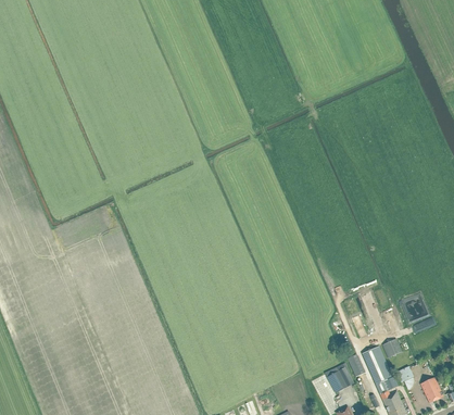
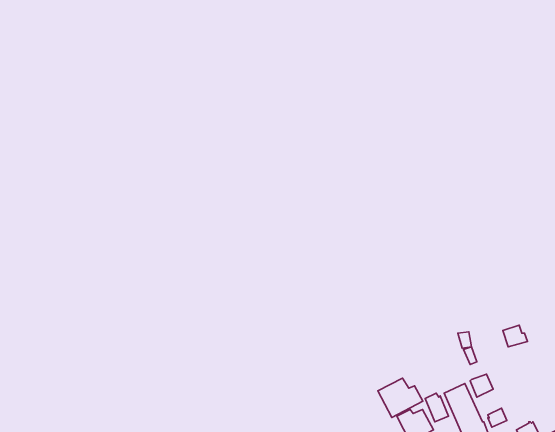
building: none -> [378,378,423,417]

